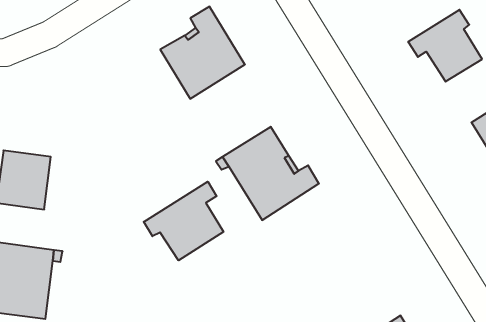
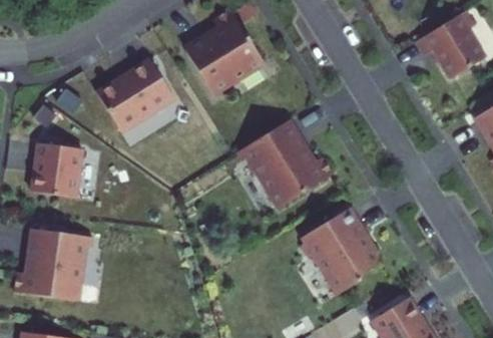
building: none -> [96,58,174,129]
building: [144,182,223,260] -> none
building: none -> [306,206,385,293]

